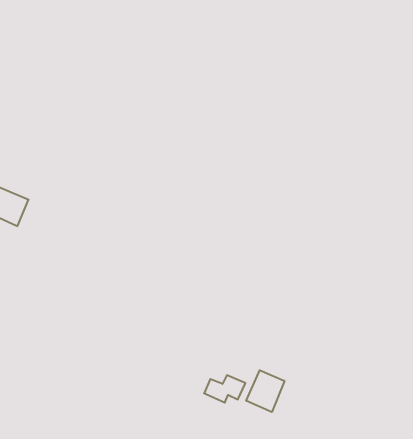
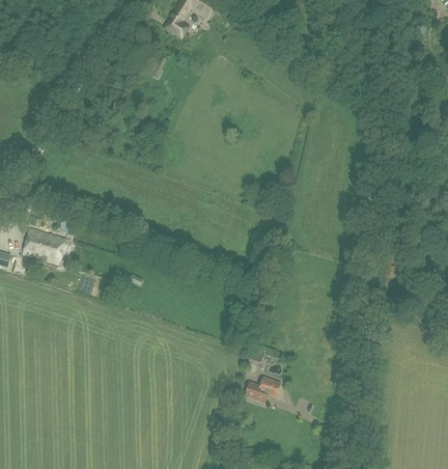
building: [246,370,284,412] -> none

